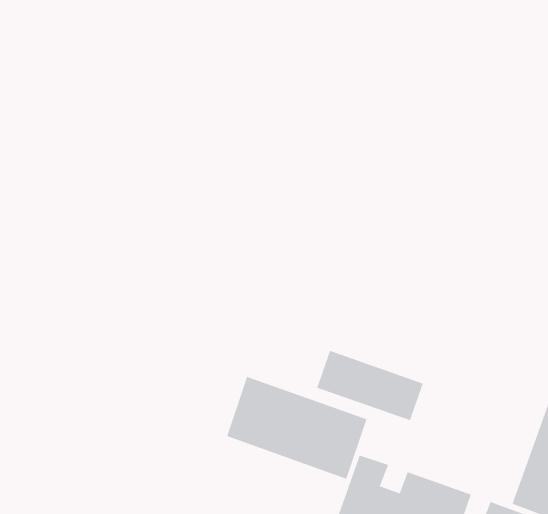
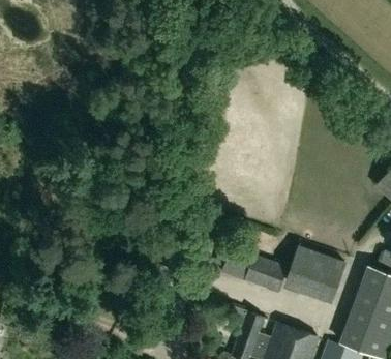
building: none -> [284,245,343,297]
building: [226,376,367,480] -> none

